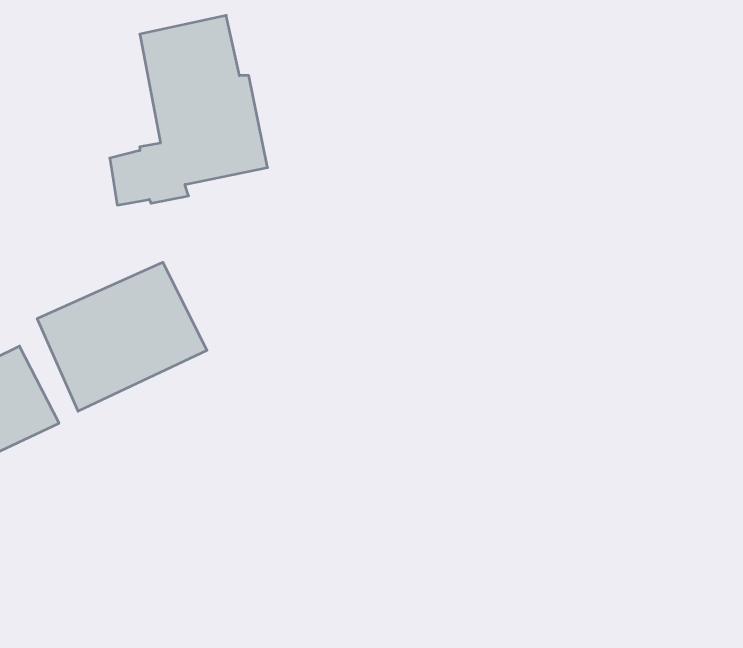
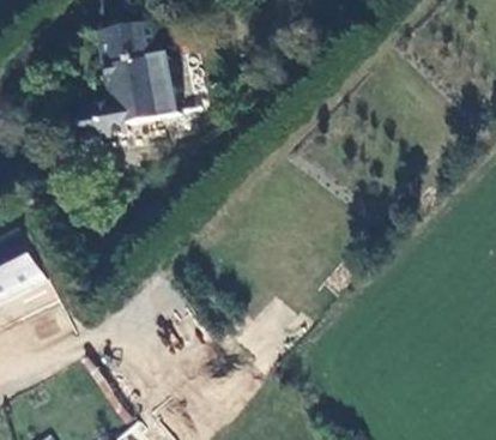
building: [37,262,207,411] -> none

